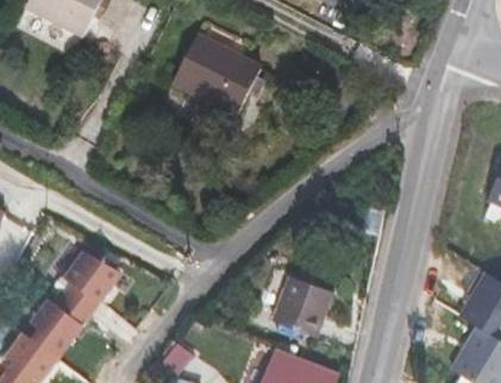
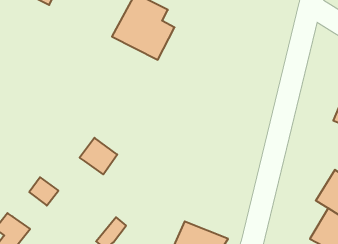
building: [63,251,117,303] -> [80,138,117,174]
building: [271,274,334,338] -> none
building: [31,301,80,358] -> none

